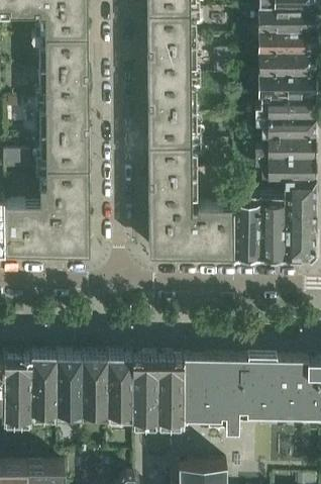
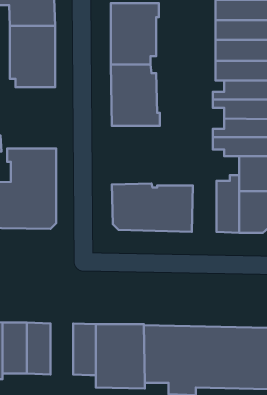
building: [36,105,89,171] -> none
building: [148,147,200,209] -> none
building: [234,199,260,260] -> none
building: [83,358,107,412] -> none

